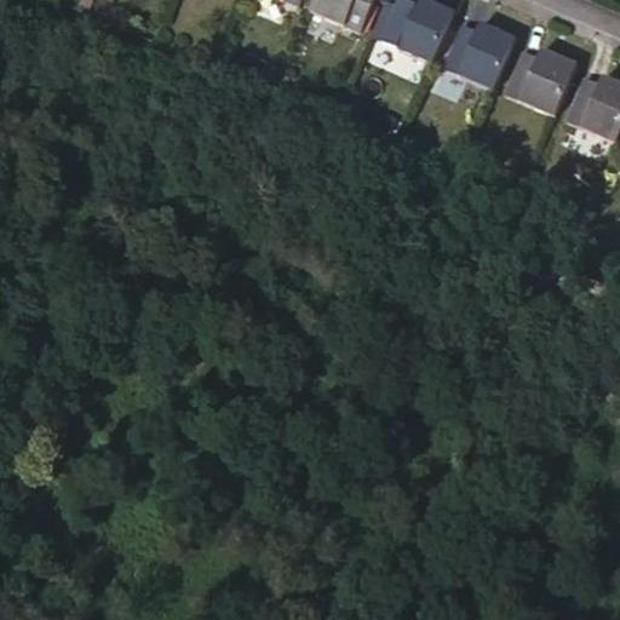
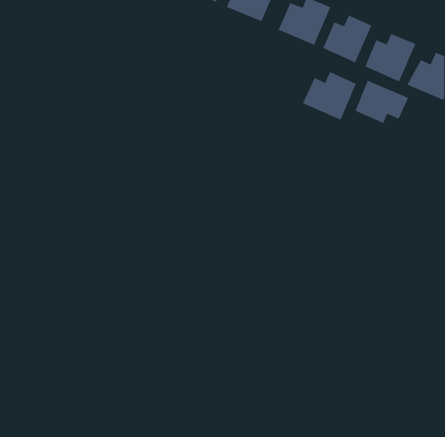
building: none -> [302,71,357,120]
building: none -> [355,80,409,124]

